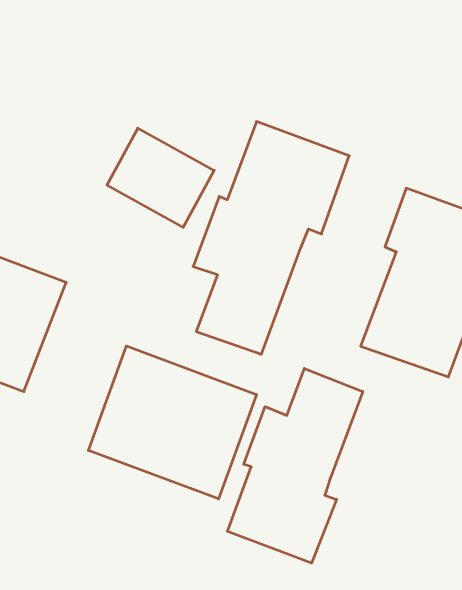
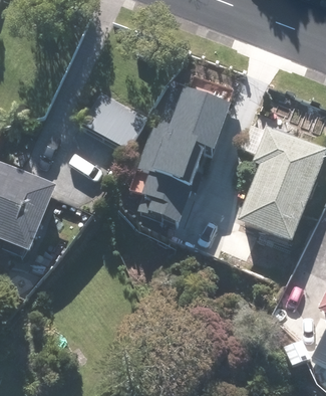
building: [88,346,256,499] -> none
building: [227,368,363,563] -> none

